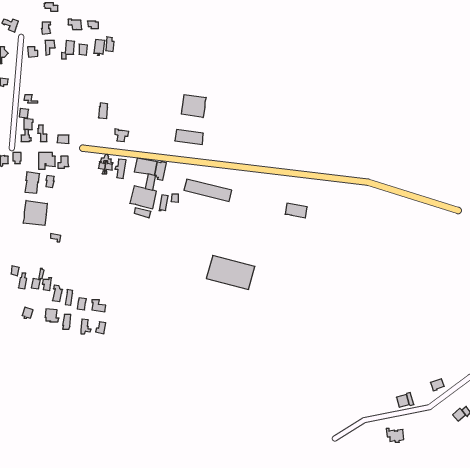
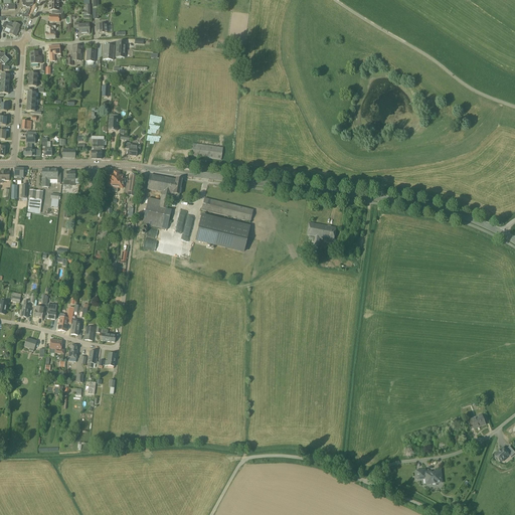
building: [181,95,206,118] -> none
building: [23,200,47,225] -> none
building: [206,255,255,289] -> [196,213,249,250]

